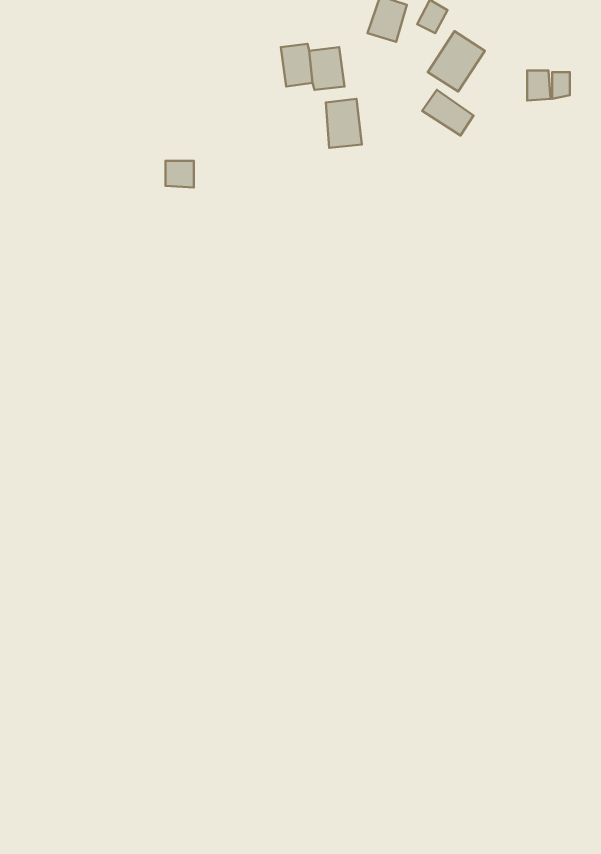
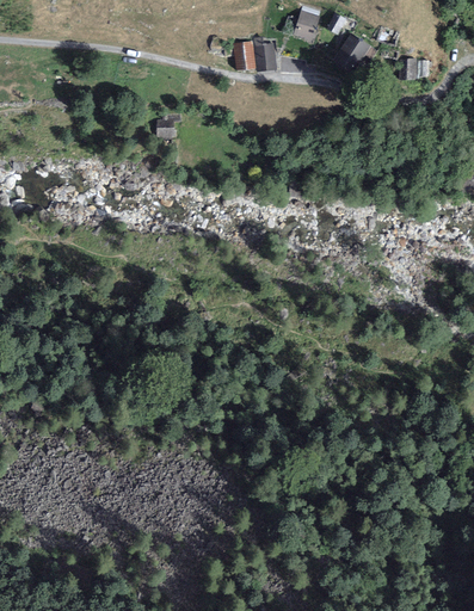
building: [422,90,474,136] -> none
building: [326,99,362,148] -> none

